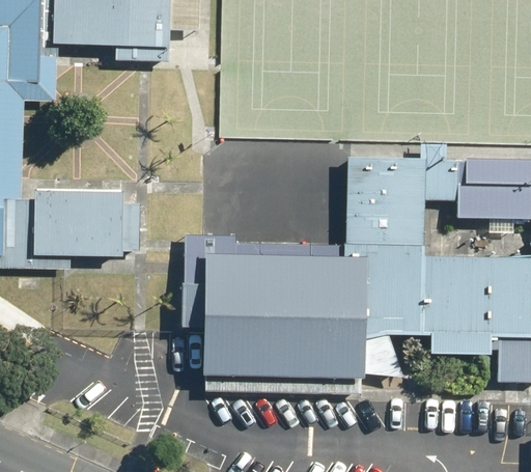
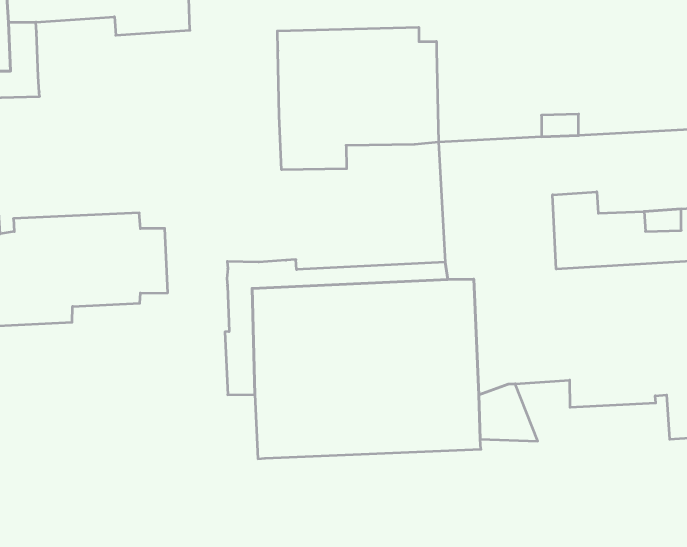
building: none -> [277,27,439,170]

